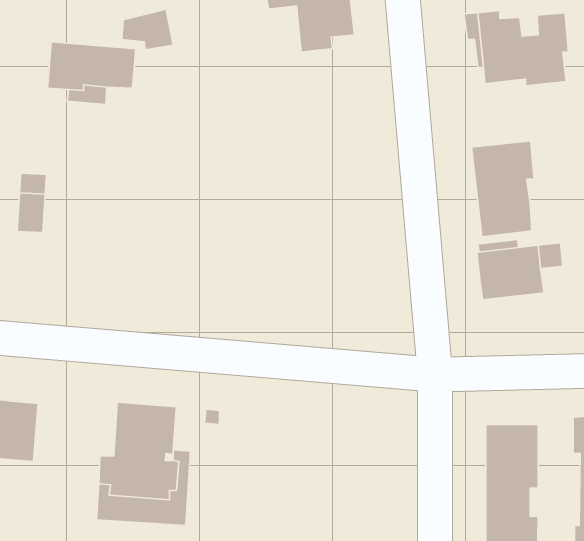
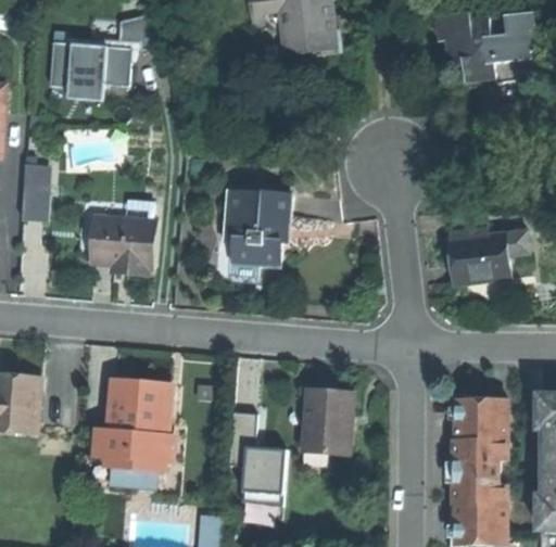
building: [472,141,534,237] -> none
building: none -> [223,189,292,266]
building: none -> [91,215,153,271]
building: none -> [304,389,353,453]
building: none -> [239,444,287,501]

